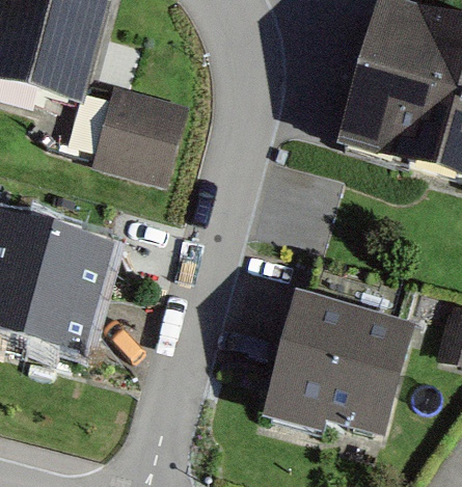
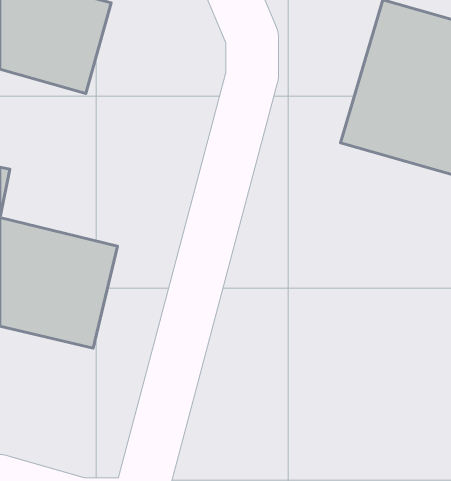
building: [100,87,185,178] -> none
building: [262,295,411,437] -> none

